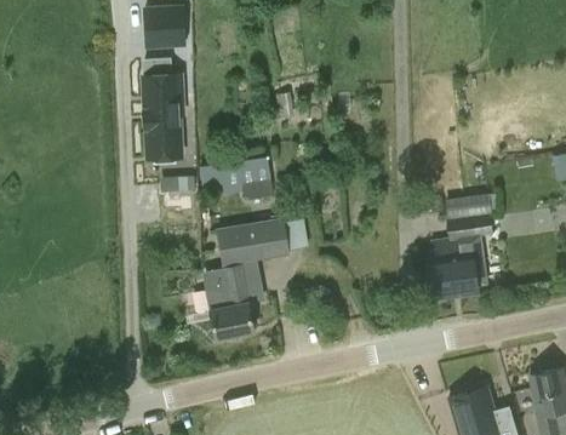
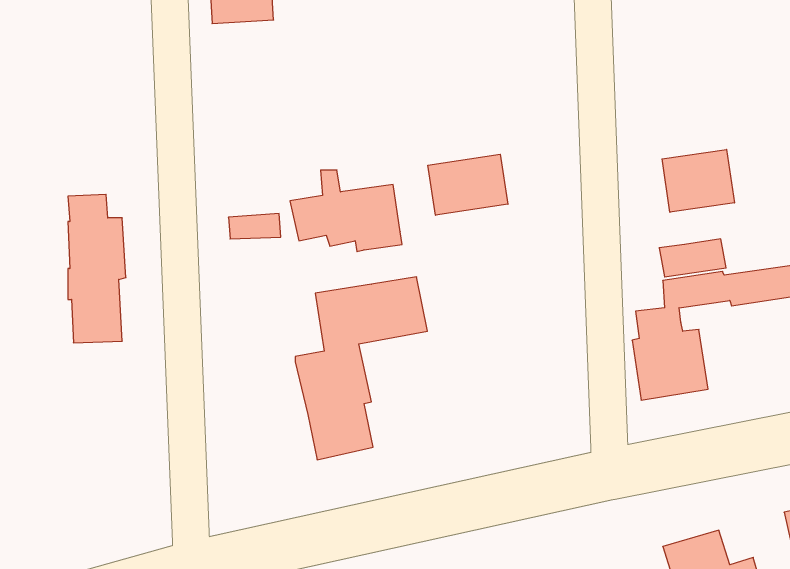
building: [144,59,183,159] -> [68,194,126,343]
building: none -> [662,149,734,212]
building: none -> [428,154,508,215]

